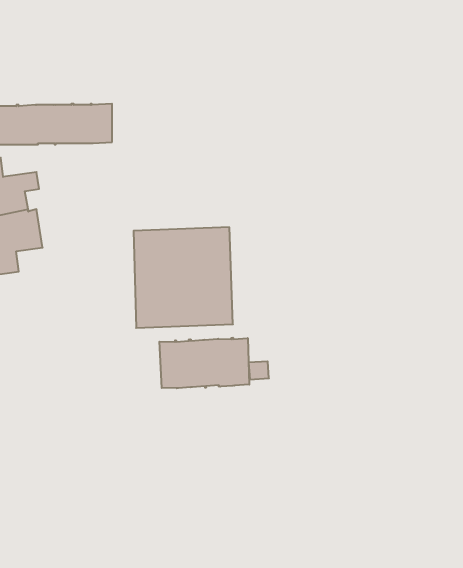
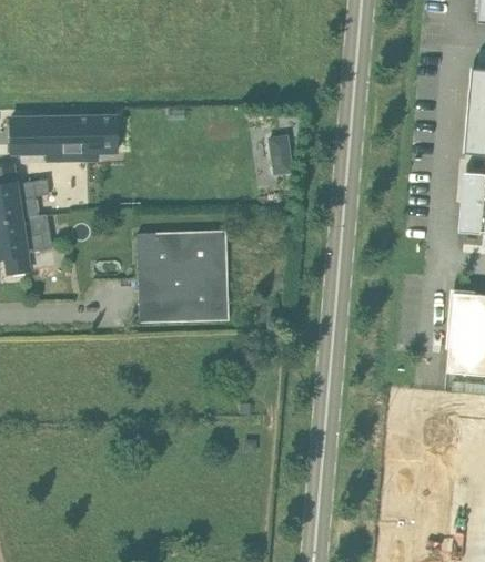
building: none -> [267,134,289,174]
building: [159,338,249,388] -> none

